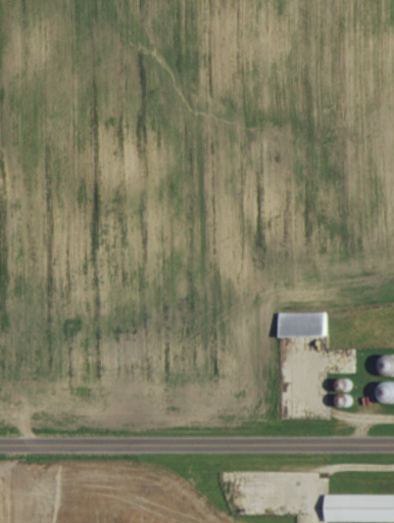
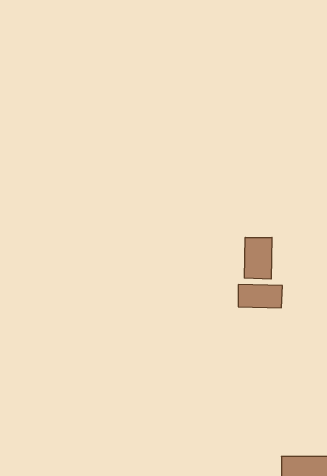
building: none -> [244,237,272,279]

